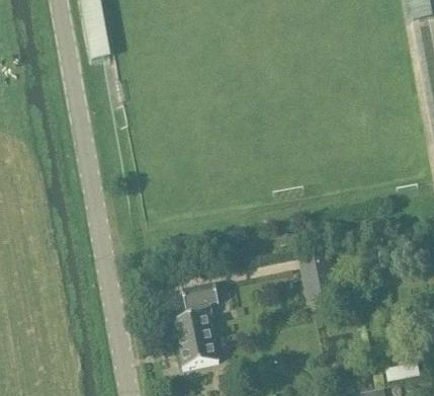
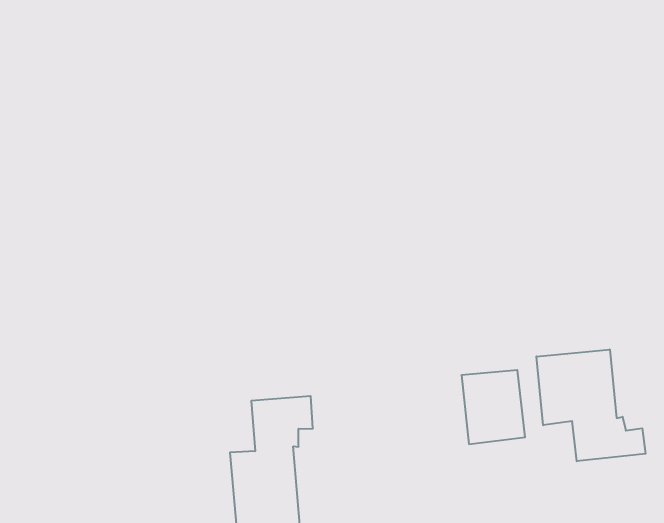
building: none -> [536,349,646,461]

